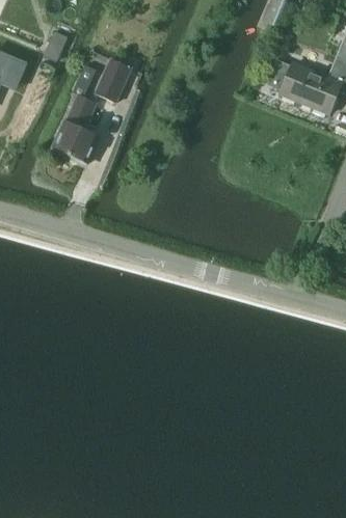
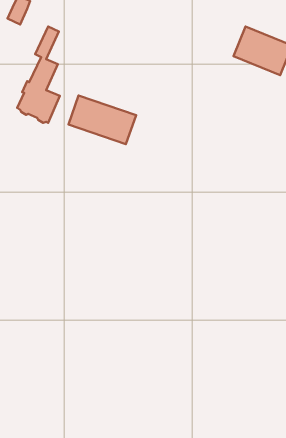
building: [95,57,130,102] -> none
building: none -> [68,96,136,144]

